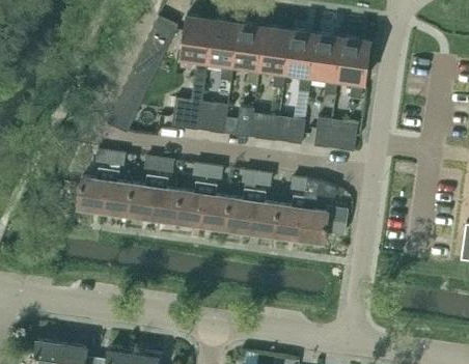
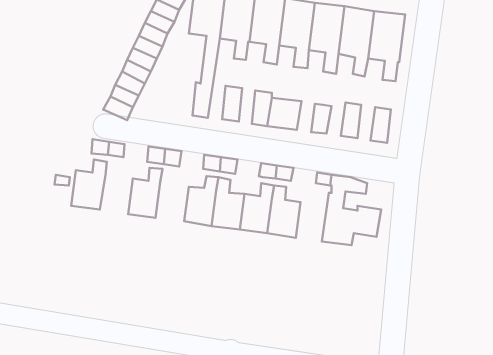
building: [103,169,132,215] -> none
building: [151,175,181,221] -> none
building: [274,195,303,239] -> none

